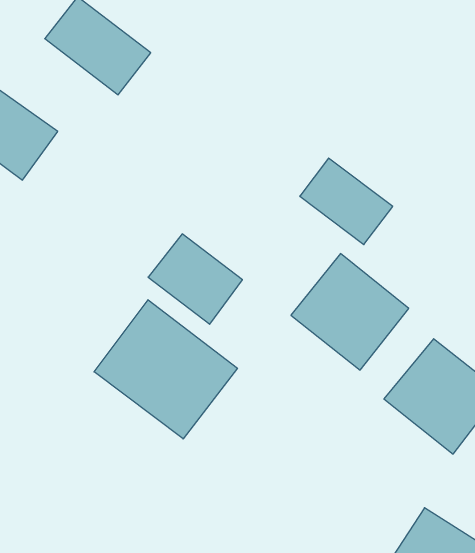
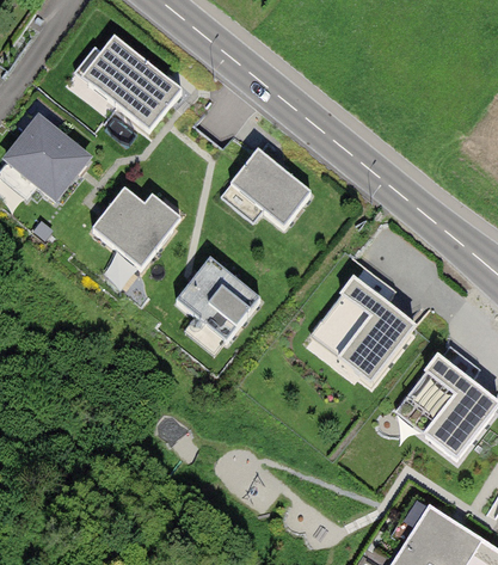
building: [300,158,393,245] -> [228,151,313,229]
building: none -> [88,188,182,271]
building: [94,300,237,439] -> none

